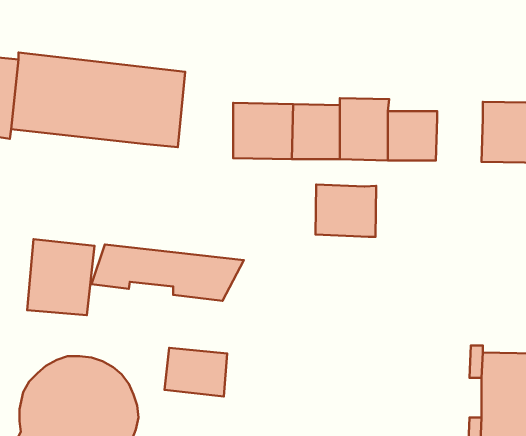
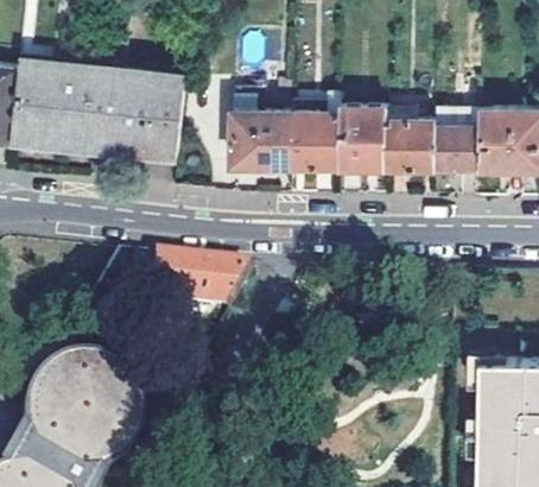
building: none -> [435,122,481,165]
building: [315,185,376,237] -> none
building: [27,239,94,315] -> none
building: [164,348,227,396] -> none

